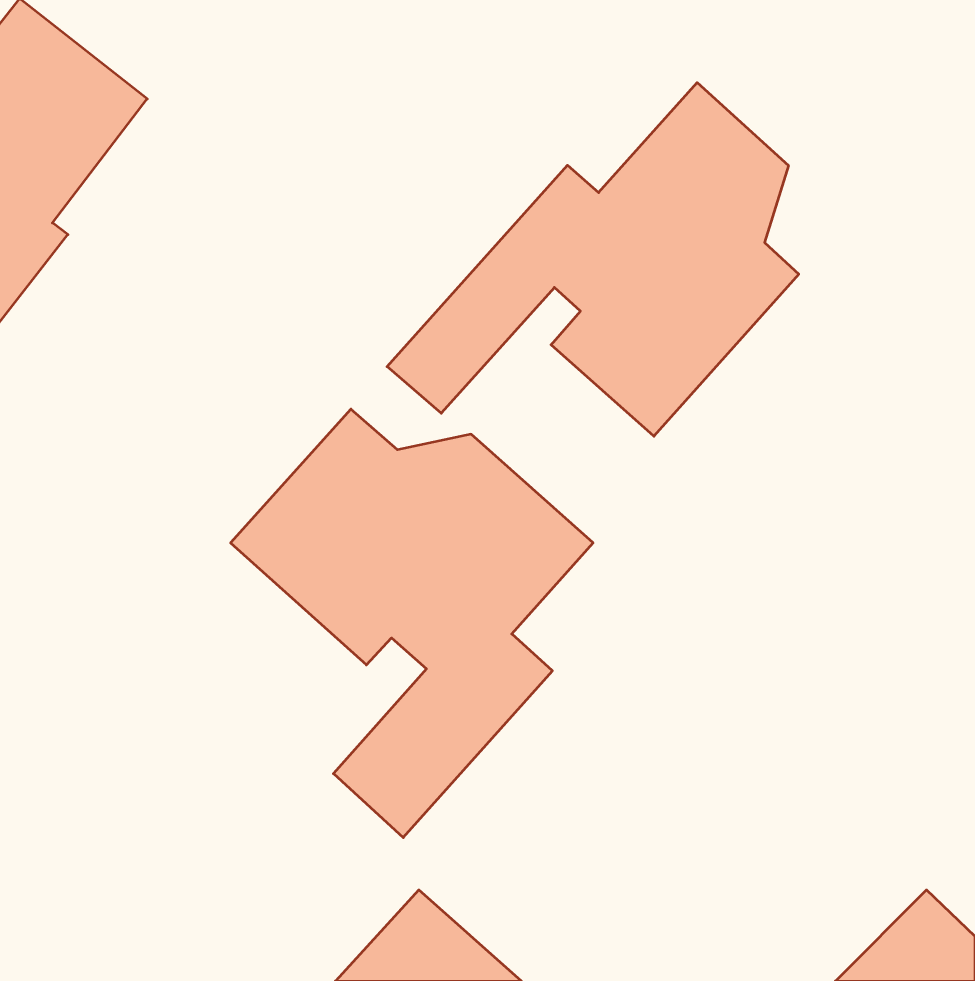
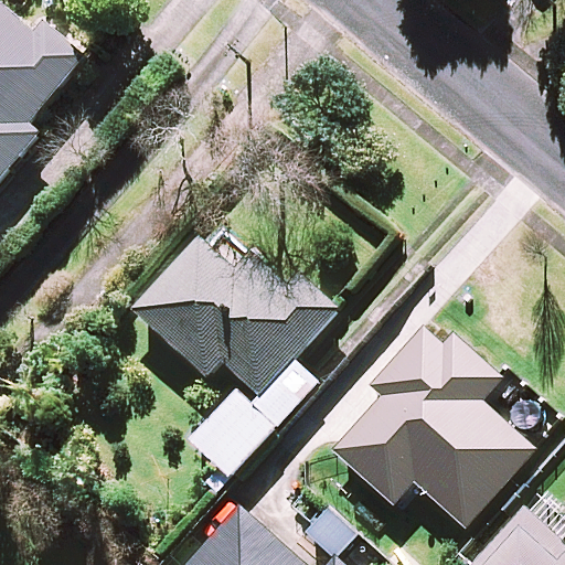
building: [387,83,799,436] -> none
building: none -> [332,327,533,527]

